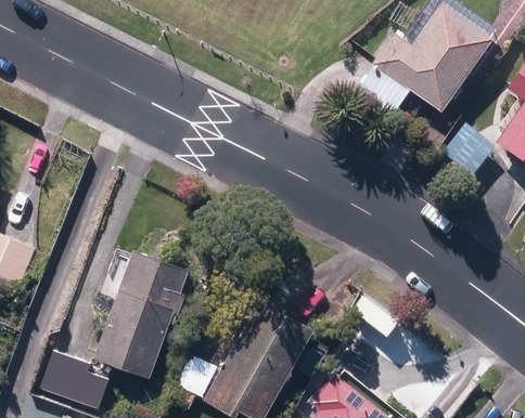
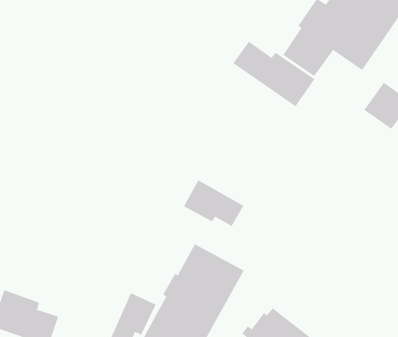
building: none -> [233,41,315,107]
building: none -> [183,179,244,227]
building: [93,251,189,381] -> none

